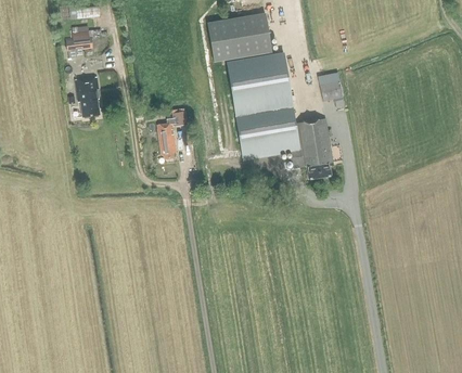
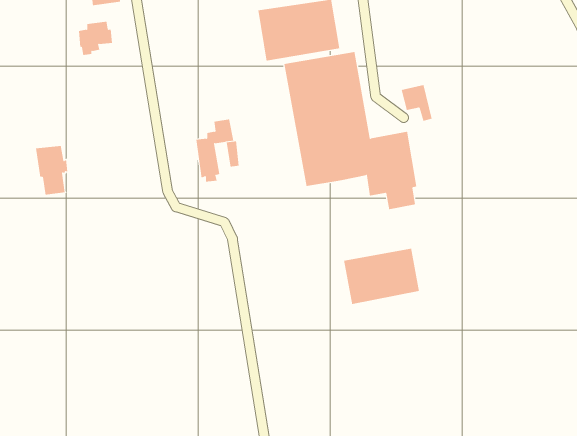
building: [75,76,101,115] -> [35,146,68,195]
building: none -> [344,248,419,305]

